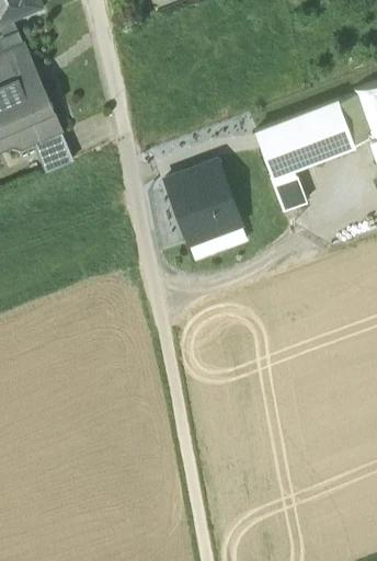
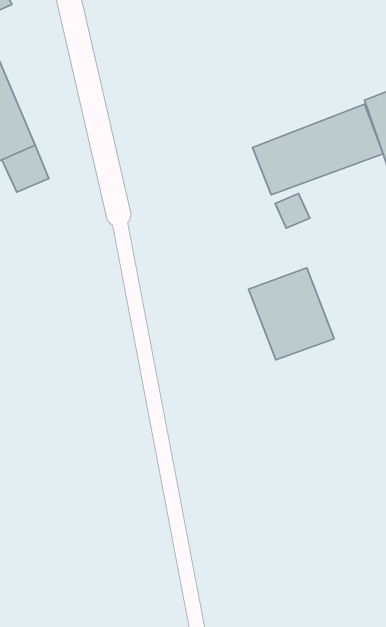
building: [164,162,240,243] -> [249,268,334,360]

